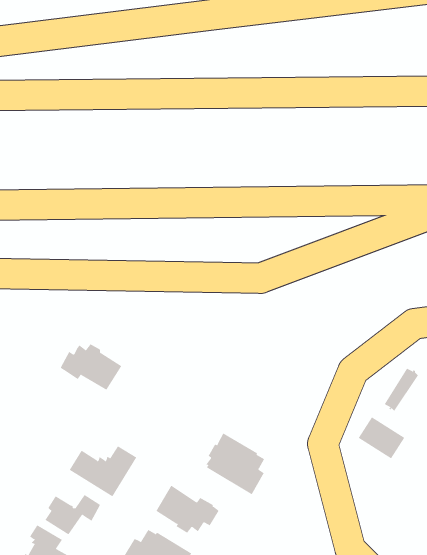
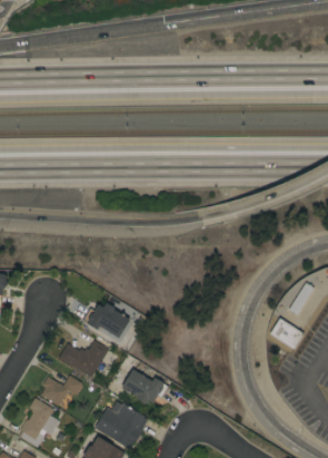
building: [60,343,122,391] -> [83,303,129,338]
building: [206,433,265,495] -> none

